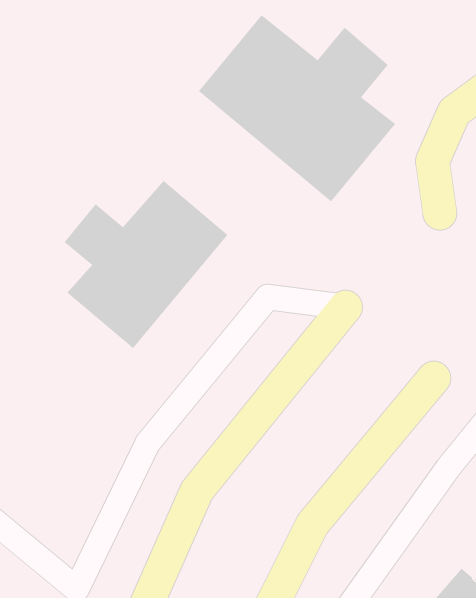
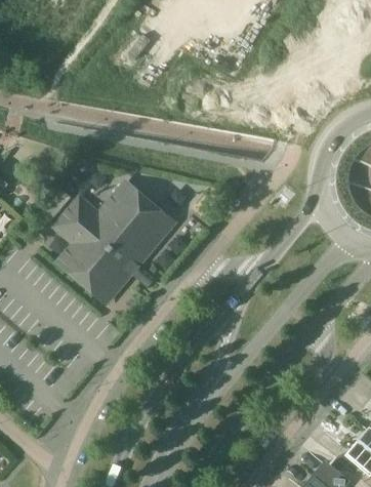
building: [198,14,396,203] -> none

